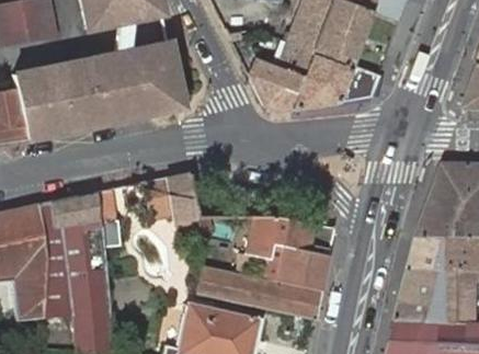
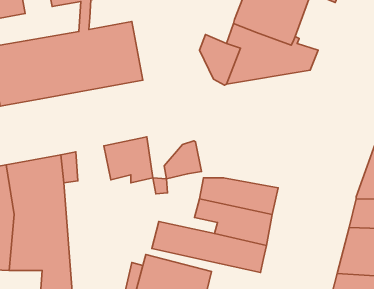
building: none -> [164,141,201,179]

